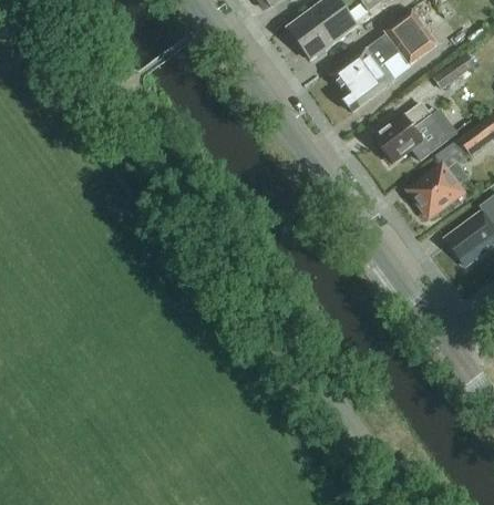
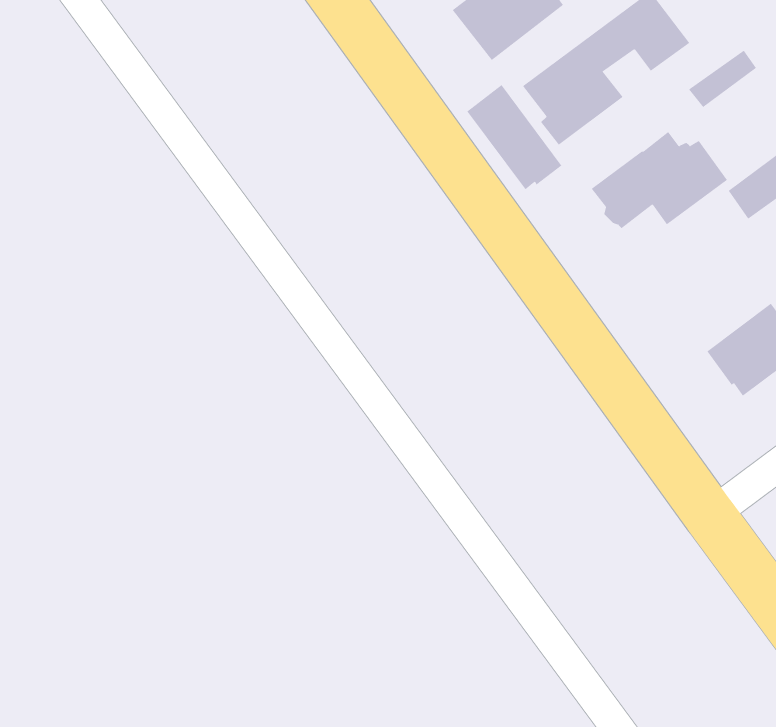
building: none -> [466,84,562,190]
building: [409,161,469,216] -> none

